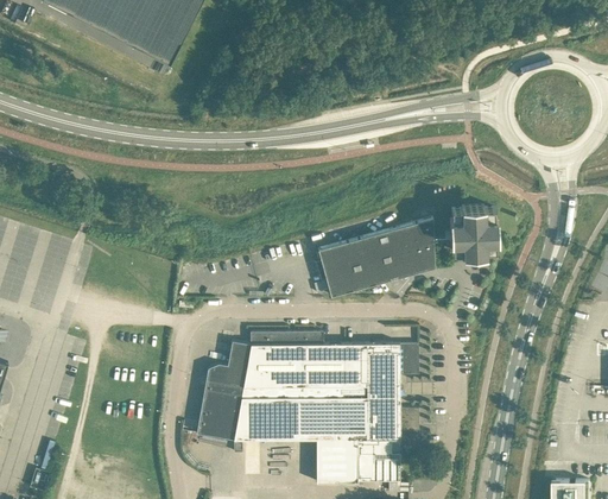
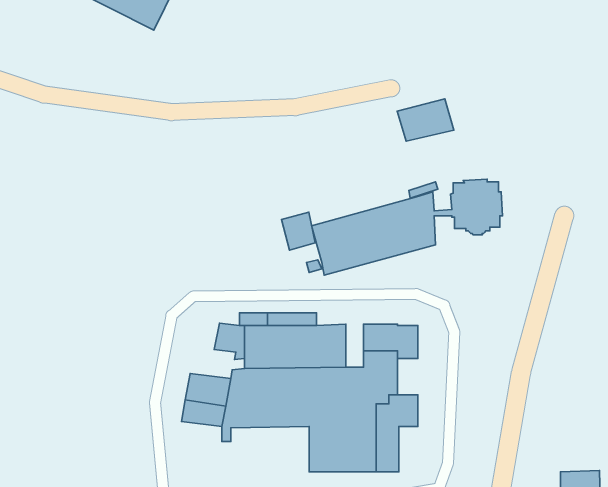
building: none -> [397,99,454,141]
building: none -> [282,212,315,250]
building: [350,342,367,383] -> none
building: [204,365,255,393] -> none

